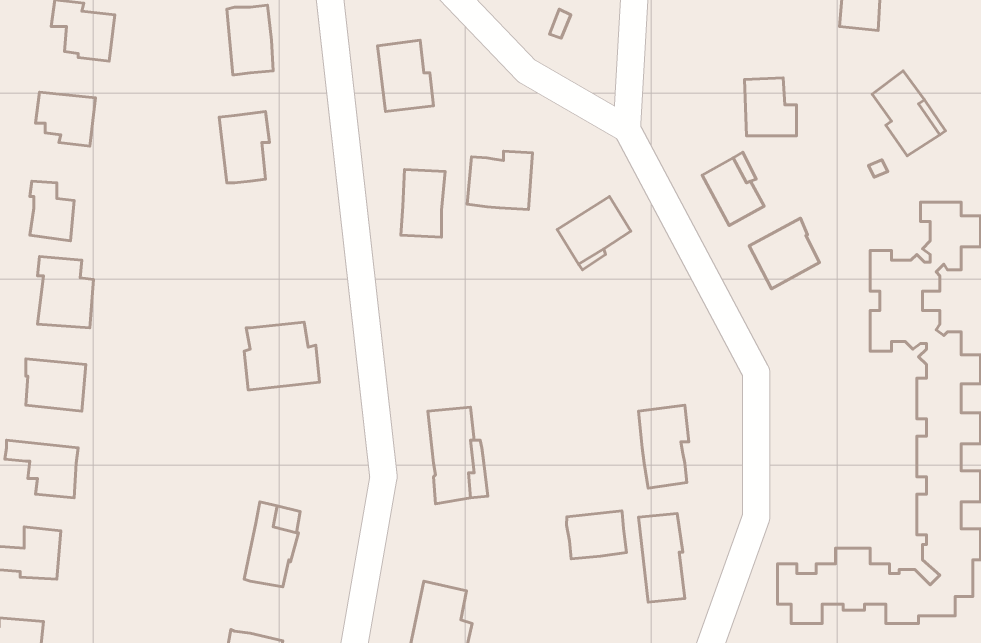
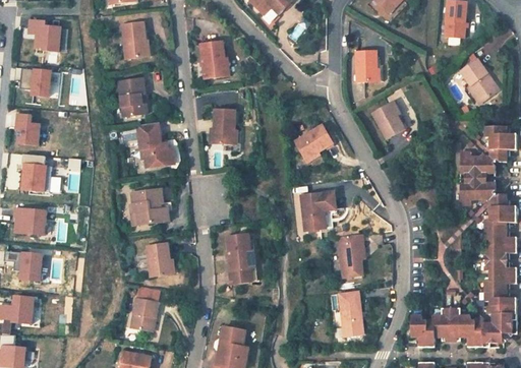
building: [744,78,797,136] -> [354,50,382,80]
building: [467,151,532,210] -> none
building: none -> [134,123,172,168]
building: [749,218,819,289] -> none
building: none -> [300,191,332,230]
building: none -> [146,242,170,274]
building: [567,511,626,559] -> none

